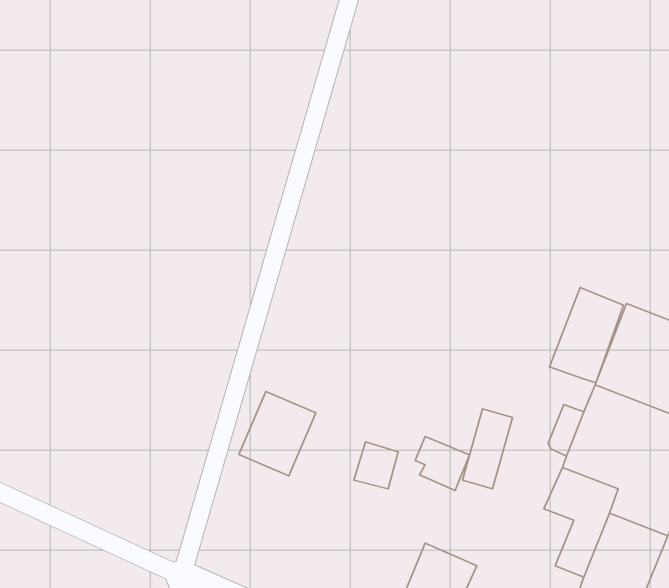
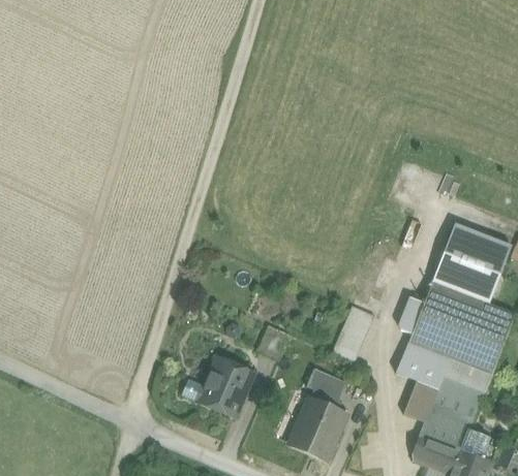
building: [549,288,624,383] -> none
building: [239,392,316,476] -> [197,356,253,417]
building: [415,436,469,491] -> [306,369,345,408]

